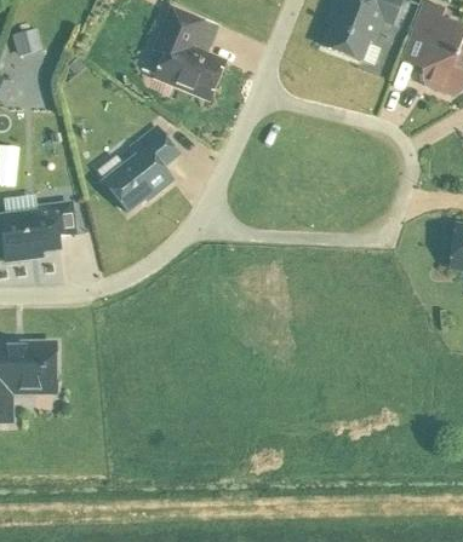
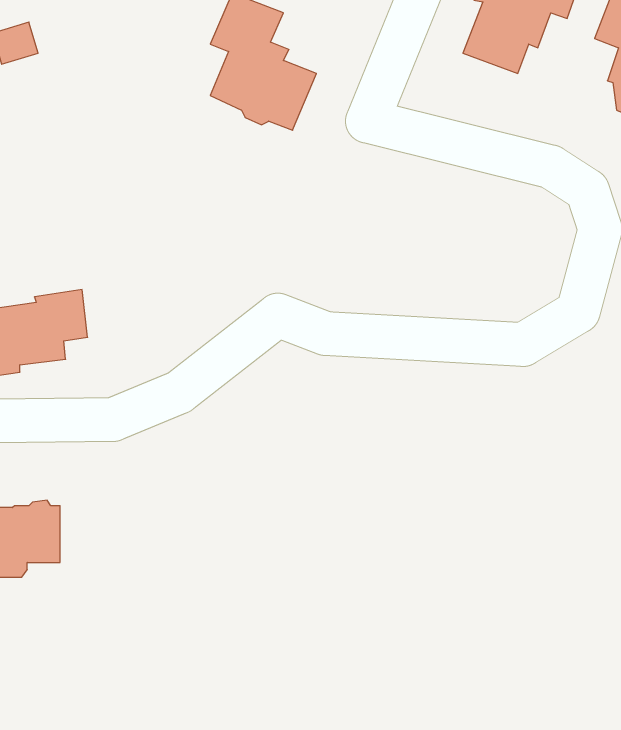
building: [104,126,179,212] -> none

